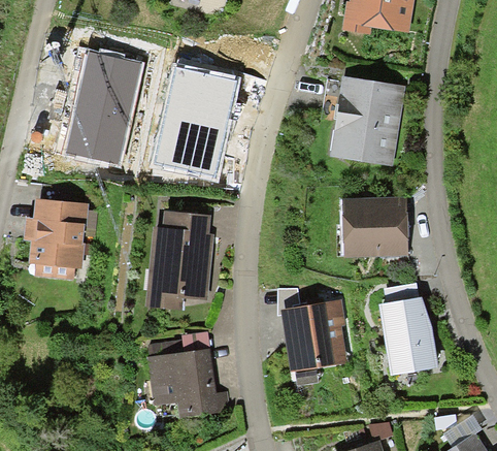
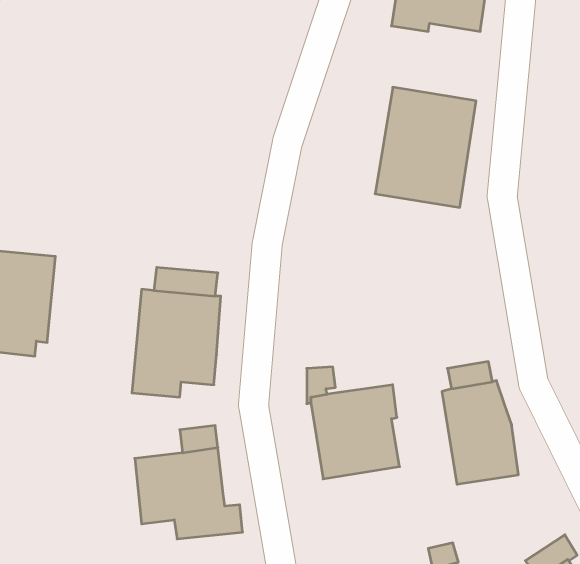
building: [67,51,140,161] -> none
building: [156,67,234,172] -> none
building: [341,196,408,258] -> none

